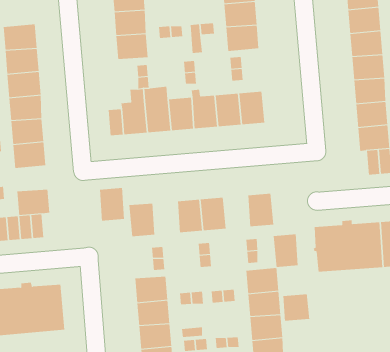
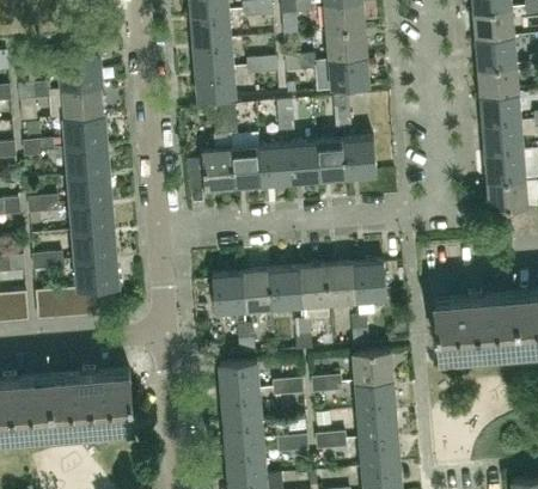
building: none -> [74,226,115,257]
building: [99,187,125,221] -> [242,269,273,310]
building: [273,234,299,267] -> [326,262,357,302]
building: [283,293,310,322] -> none

